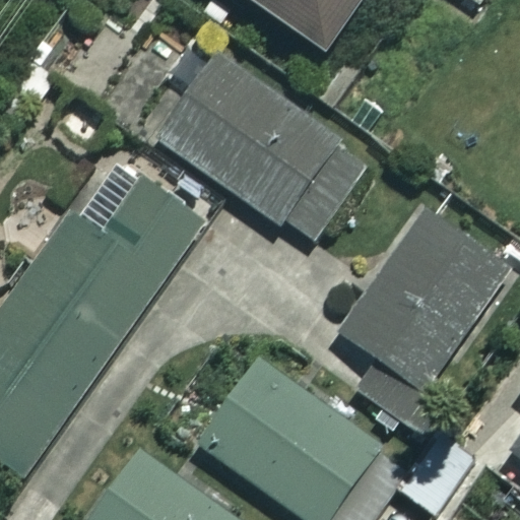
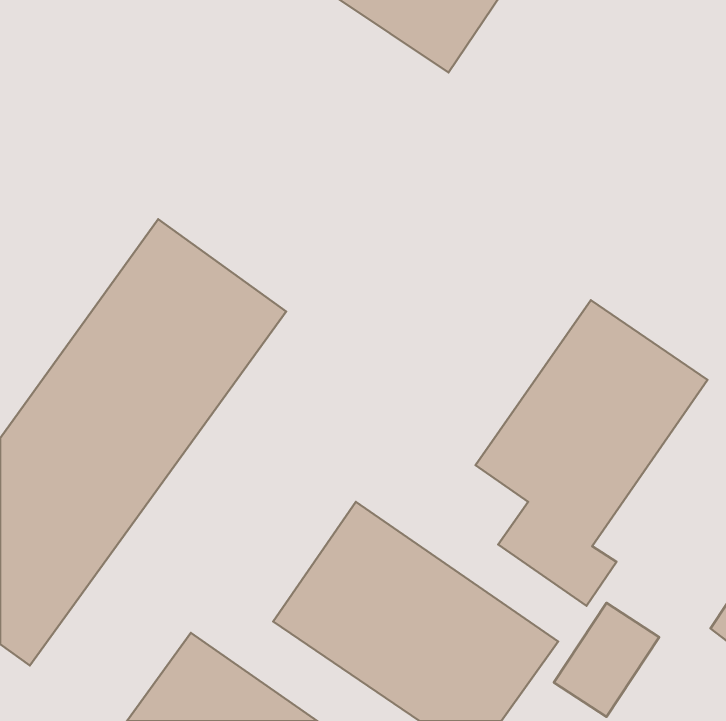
building: [154,50,377,245] -> none

